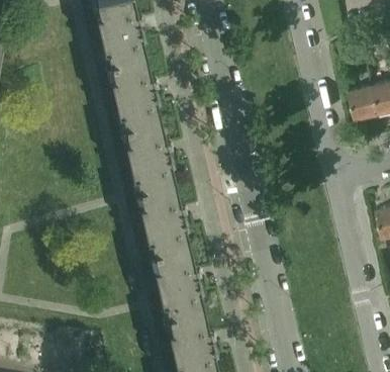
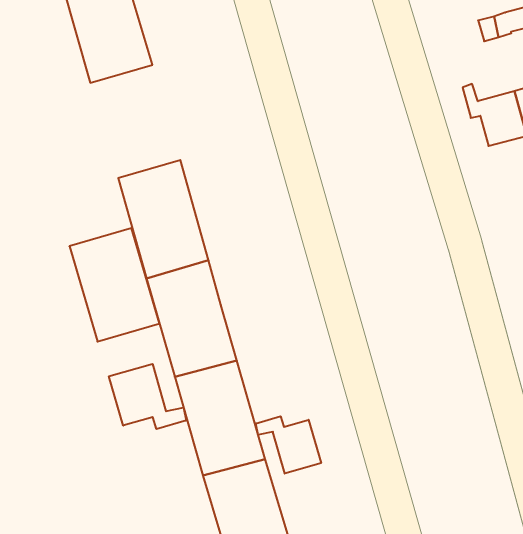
building: [107,58,161,127] -> [69,228,160,342]
building: none -> [109,364,186,429]
building: none -> [256,416,321,474]

